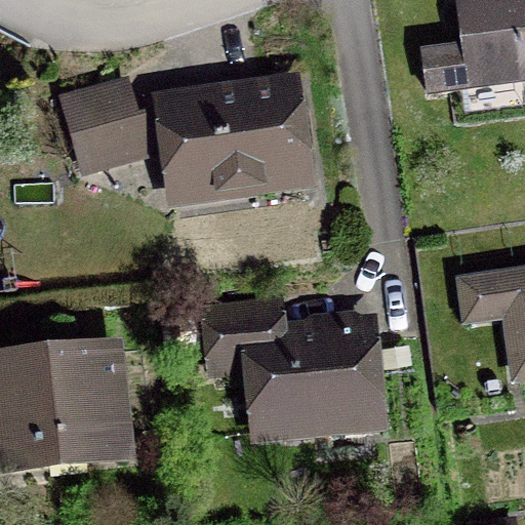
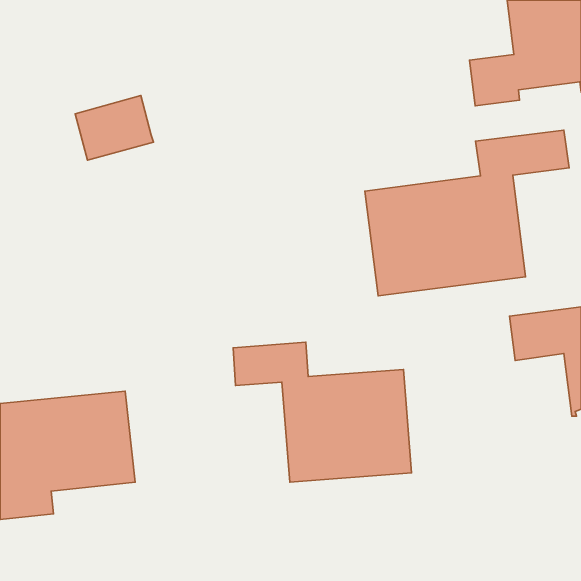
building: [164,90,302,193] -> none
building: none -> [365,130,569,296]

